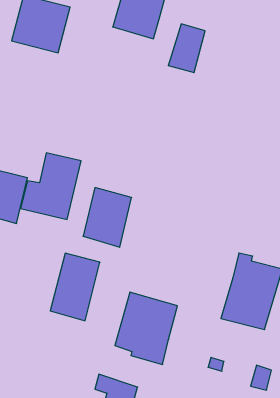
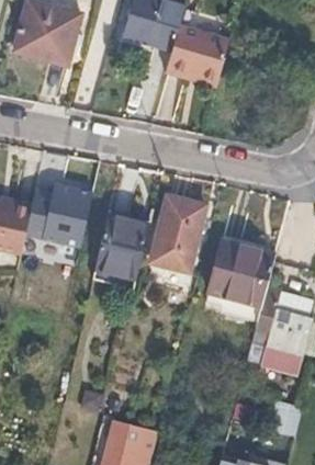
building: none -> [165,25,202,78]
building: [50,253,100,321] -> [148,194,203,269]
building: [115,292,177,364] -> [206,232,275,313]

